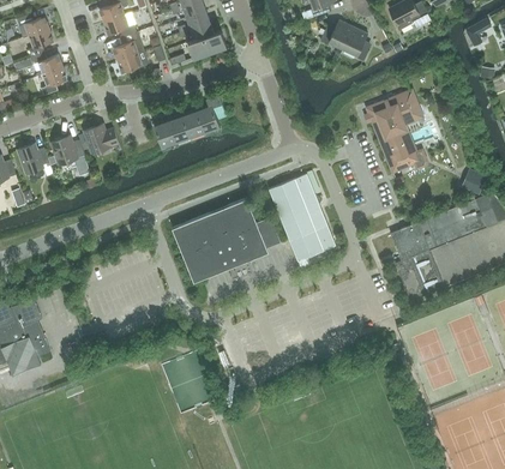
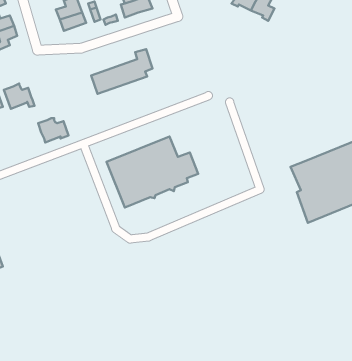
building: [366,90,426,173] -> none
building: [83,125,119,154] -> [38,118,69,143]
building: [267,174,335,260] -> none

